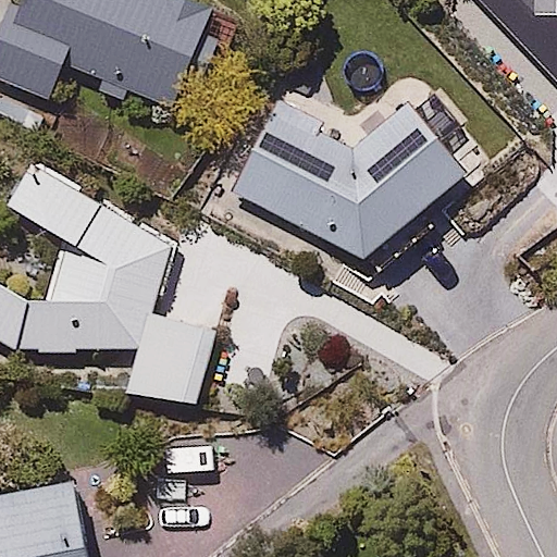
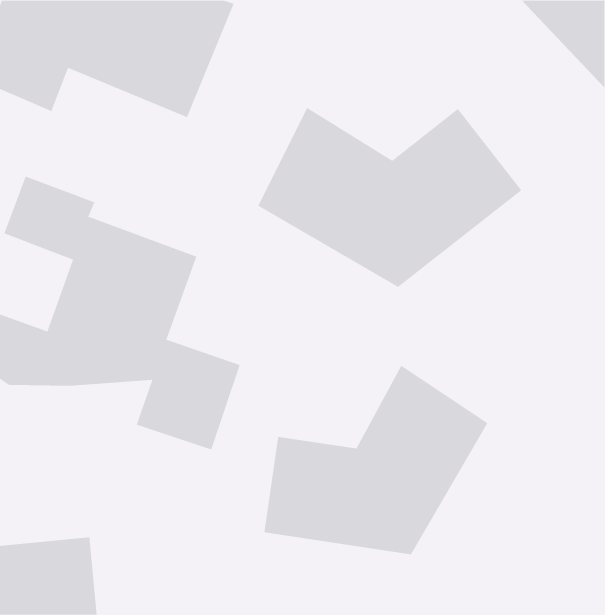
building: none -> [264,365,488,555]

